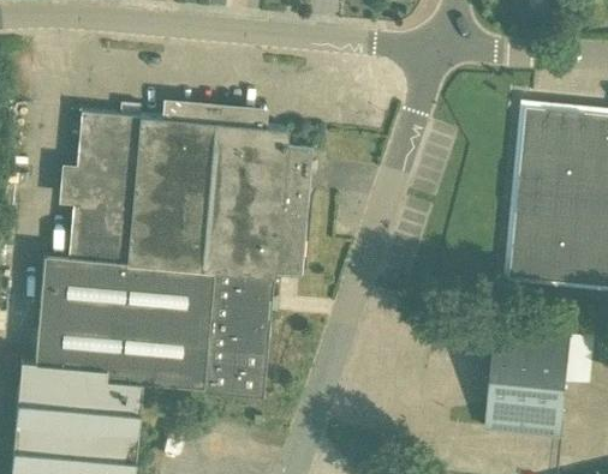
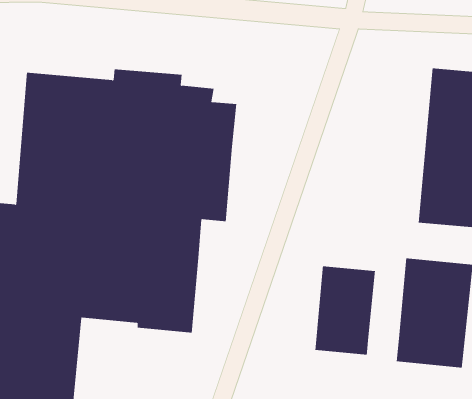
building: none -> [315,265,376,355]

